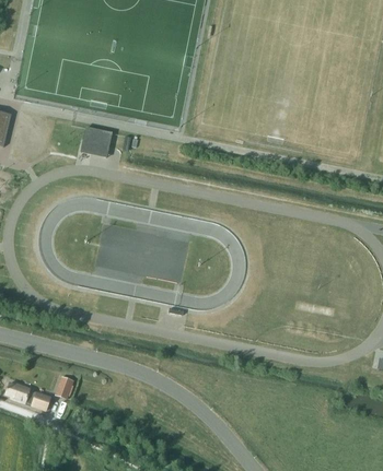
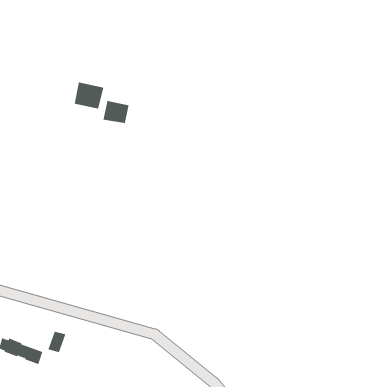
building: none -> [103,100,129,124]

